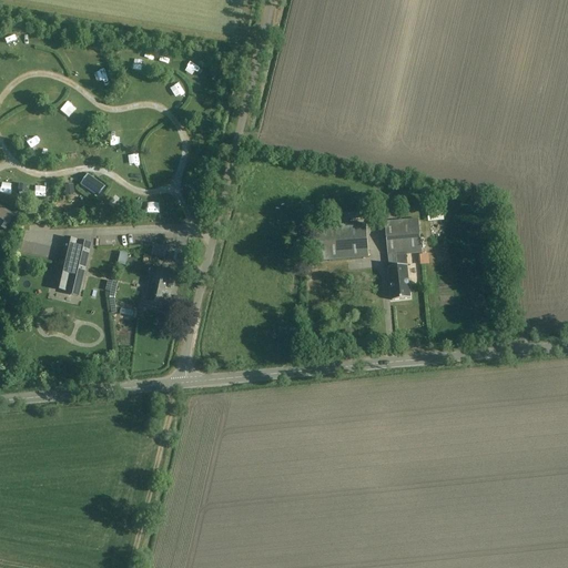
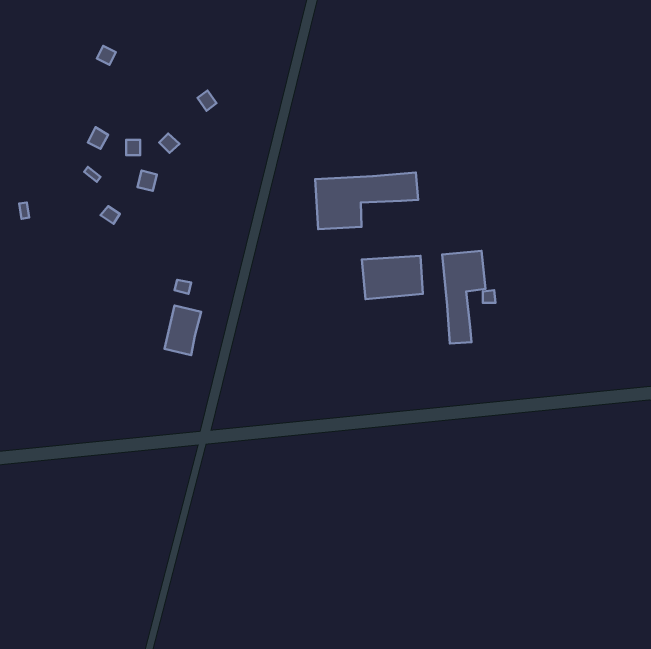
building: none -> [315,172,418,229]
building: [57,237,90,290] -> none

